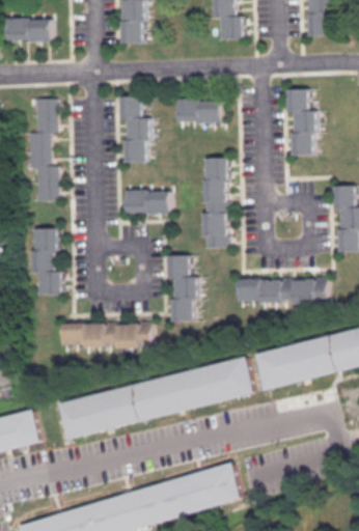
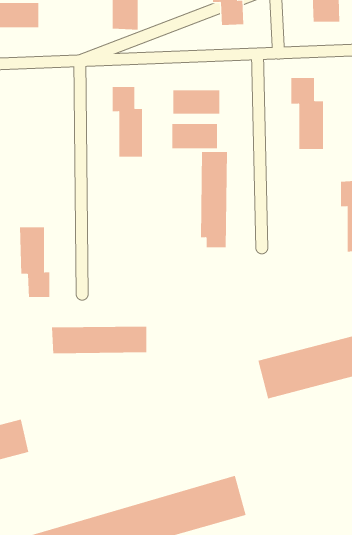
building: [28,99,58,200] -> none
building: [127,190,170,214] -> [172,123,218,149]
building: [167,255,197,322] -> none
building: [238,277,328,304] -> none
building: [59,357,255,440] -> none

